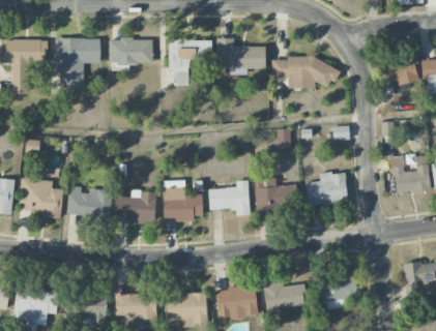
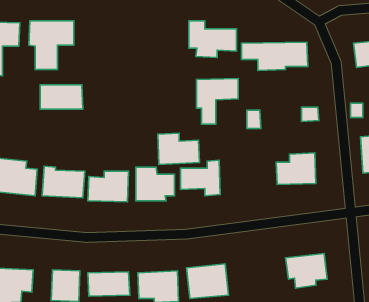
building: [110,39,153,64] -> [40,85,83,109]
building: [169,39,211,86] -> [197,79,238,124]
building: [255,178,297,210] -> [158,133,200,165]
building: [264,282,307,310] -> none

